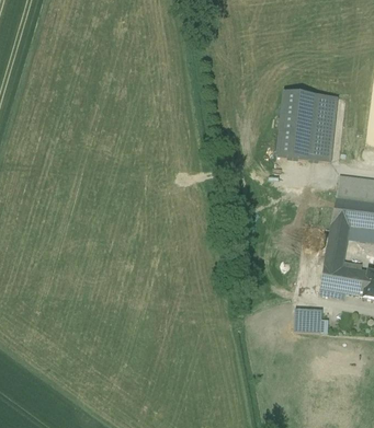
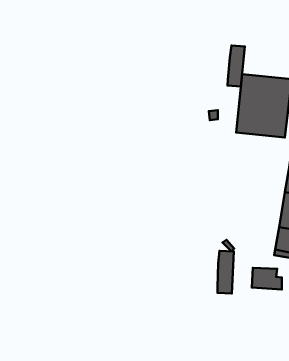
building: none -> [228,45,245,87]
building: none -> [217,251,234,293]

